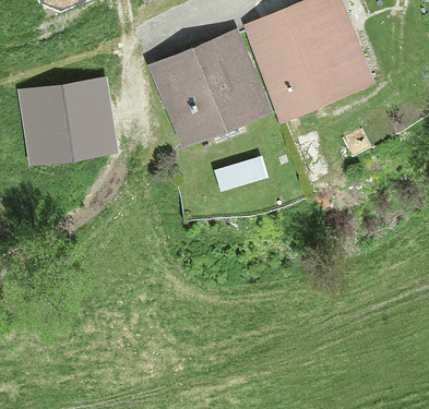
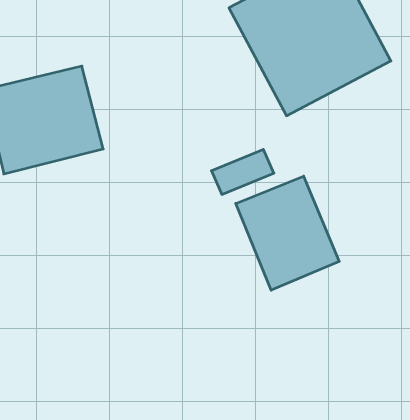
building: [146,29,272,153] -> none
building: none -> [236,176,339,290]

